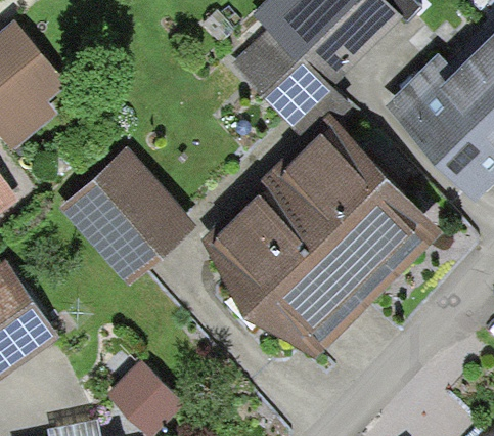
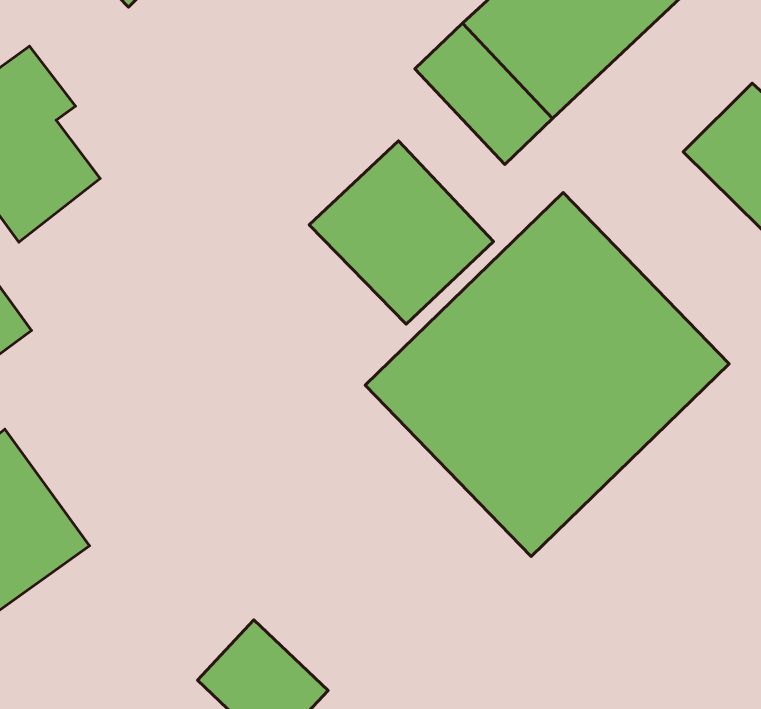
building: none -> [309,141,494,324]
building: [73,170,190,288] -> none

